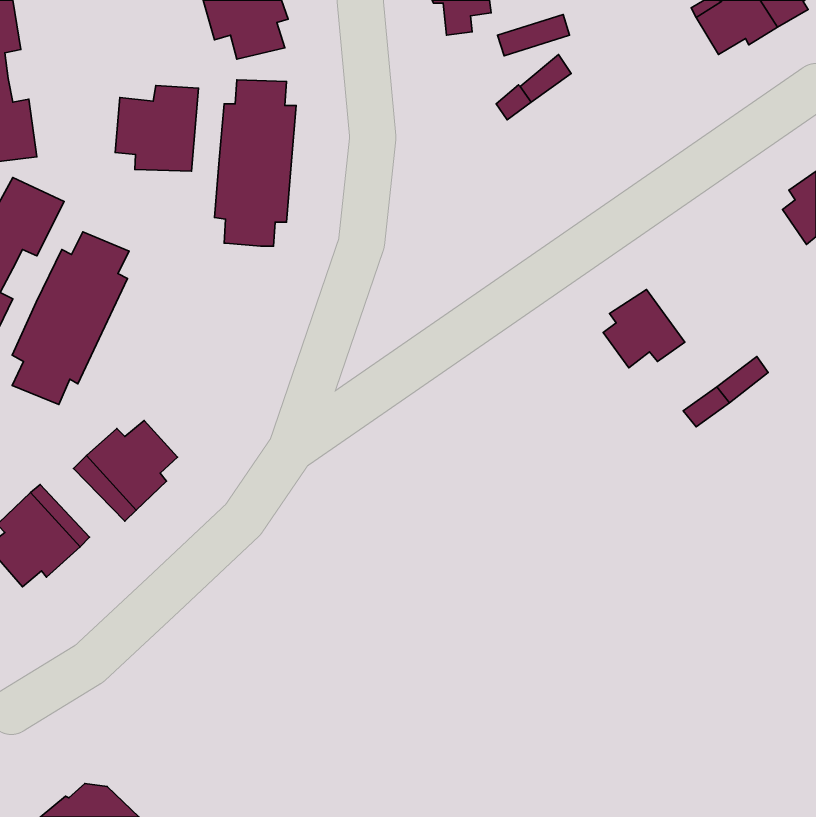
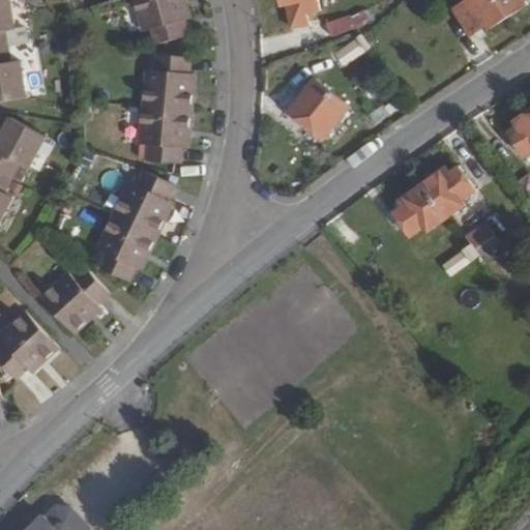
building: [115,85,199,171] -> none
building: none -> [288,82,348,138]
building: [12,232,129,405] -> [96,170,172,282]
building: none -> [418,170,470,222]

